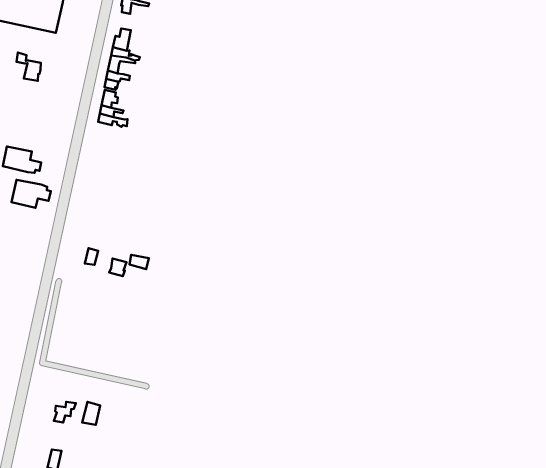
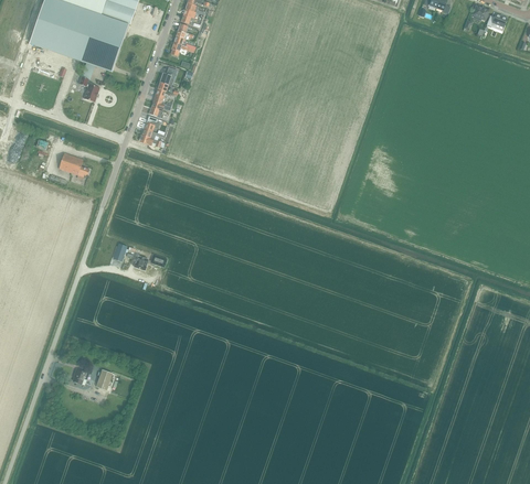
building: [12,180,51,208] -> none

